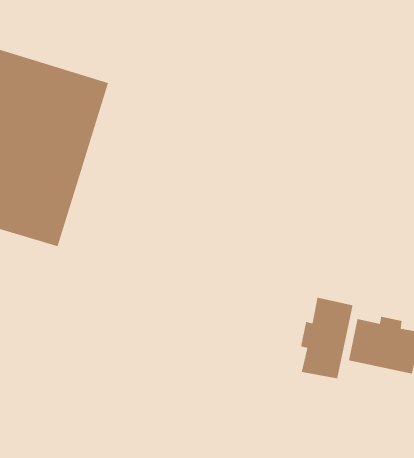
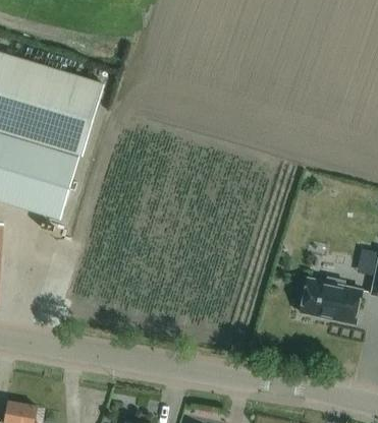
building: [301,297,353,379] -> none

